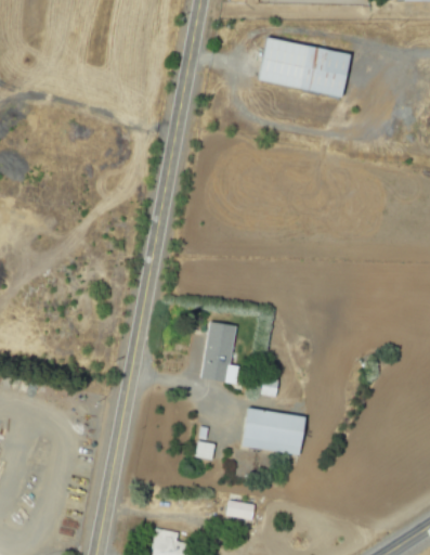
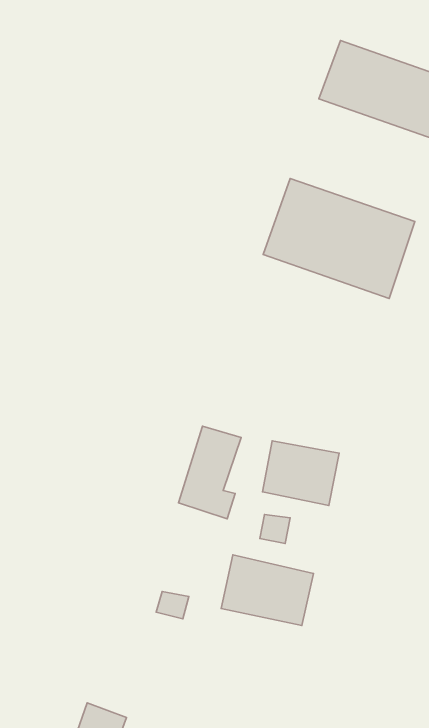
building: none -> [263,178,415,298]
building: none -> [262,441,339,506]
building: [224,500,256,521] -> none

